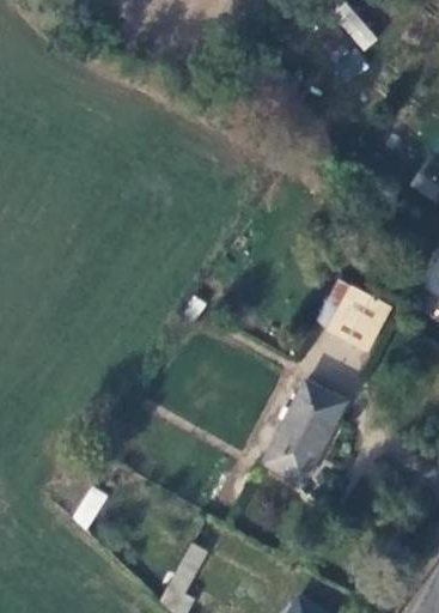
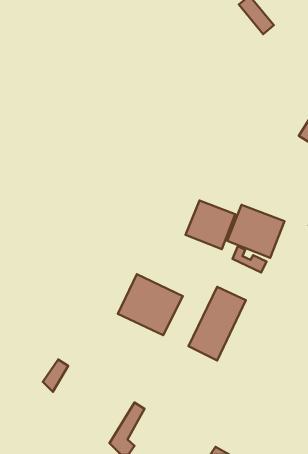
building: none -> [185,200,235,249]
building: none -> [118,274,183,335]

